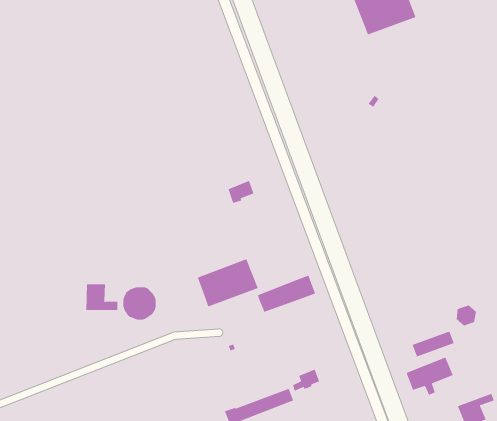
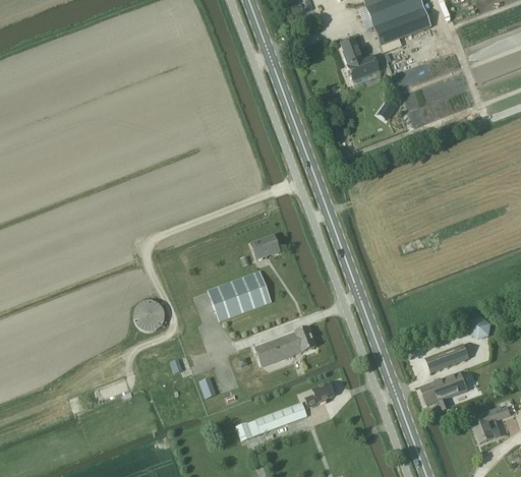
building: none -> [342,37,381,79]
building: [227,180,255,204] -> [251,234,279,258]
building: [257,275,316,313] -> [255,326,315,365]
building: [86,283,118,311] -> none

